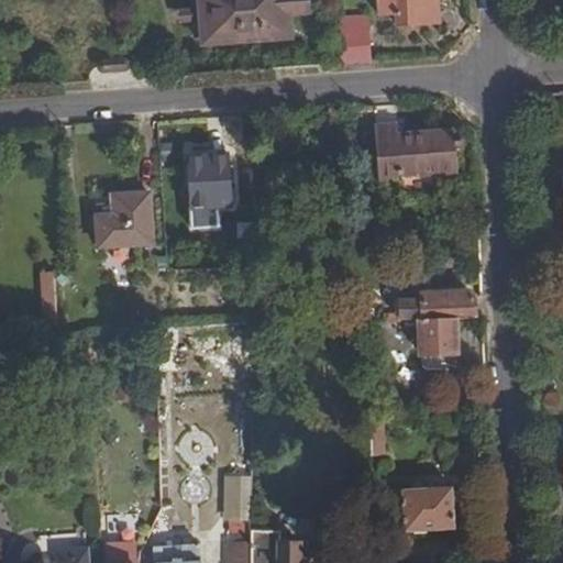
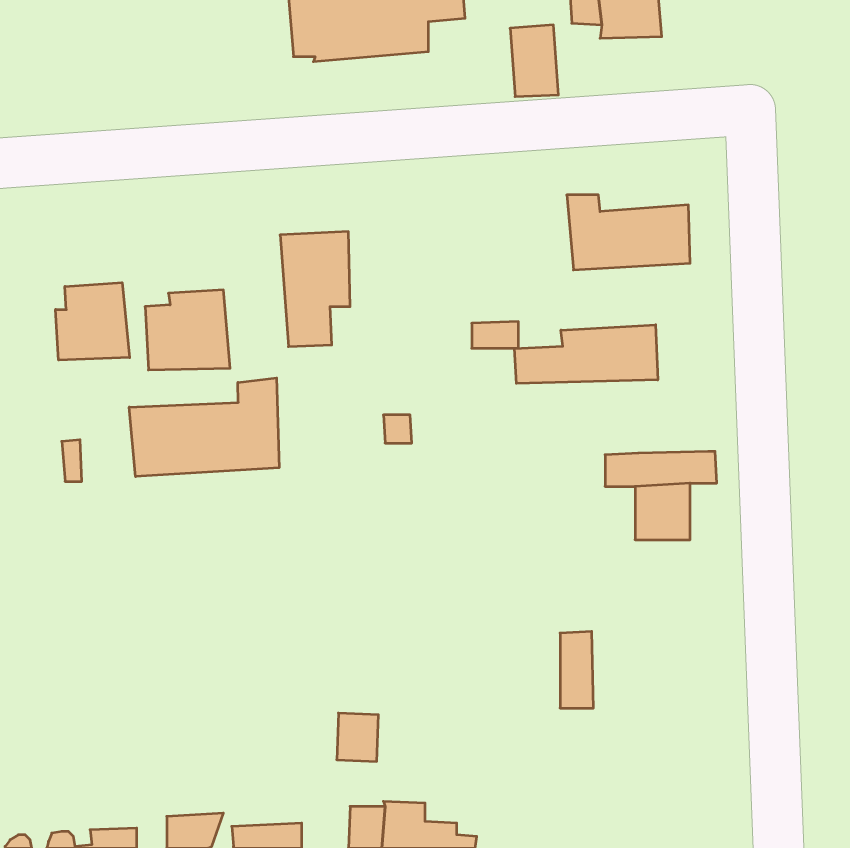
building: none -> [56,283,130,360]
building: none -> [514,325,658,383]
building: none -> [129,378,279,477]
building: [384,487,453,530] -> none

